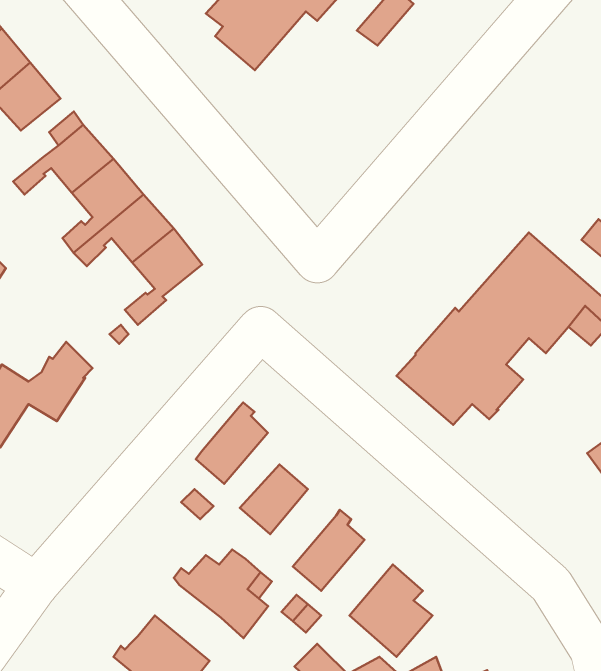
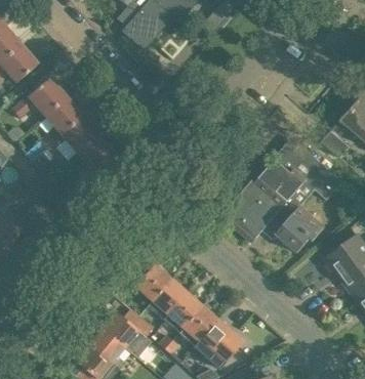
building: none -> [275,195,323,252]
building: [196,403,268,484] -> [149,275,188,319]
building: none -> [179,301,218,345]
building: none -> [86,329,126,370]

